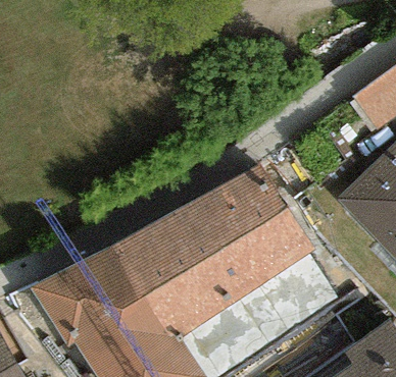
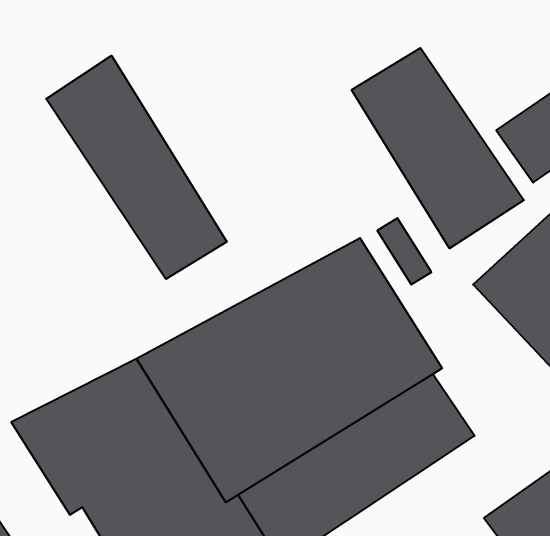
building: none -> [352,48,524,248]
building: none -> [46,56,227,279]

